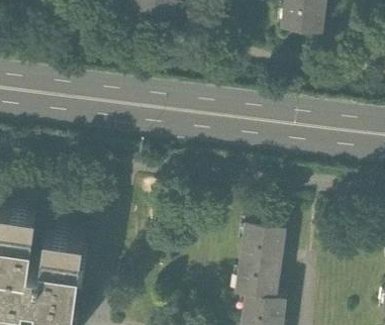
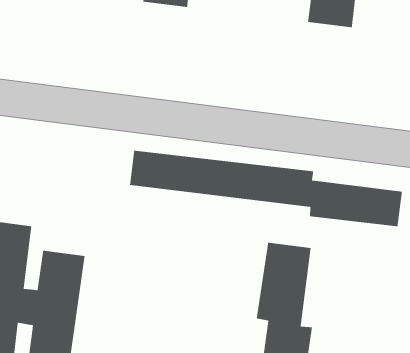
building: none -> [129,150,403,227]

